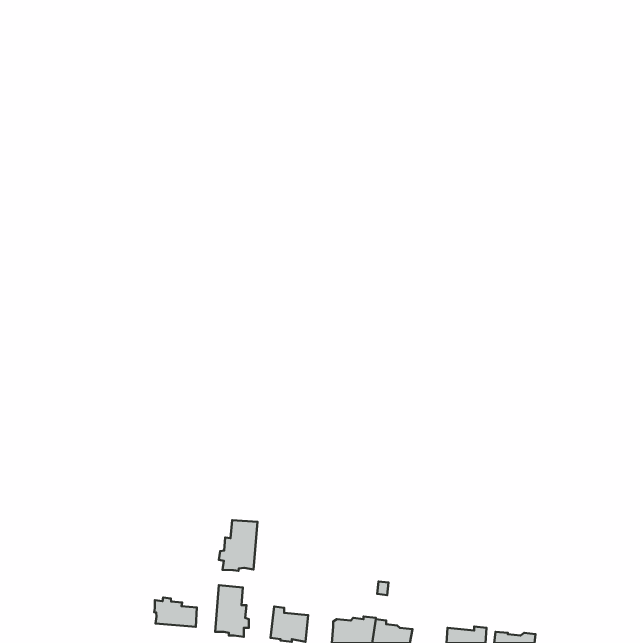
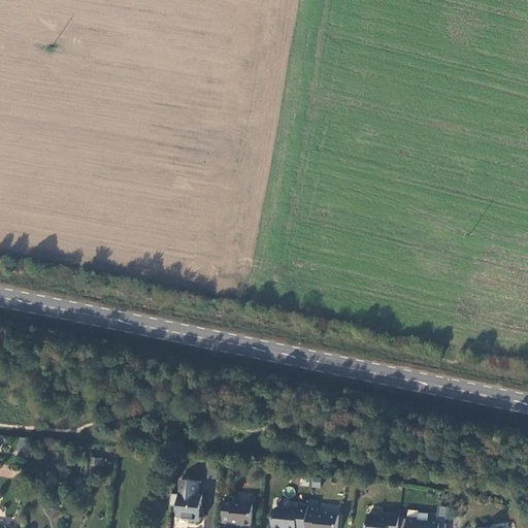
building: [219,520,257,571] -> none
building: [154,597,197,627] -> none

